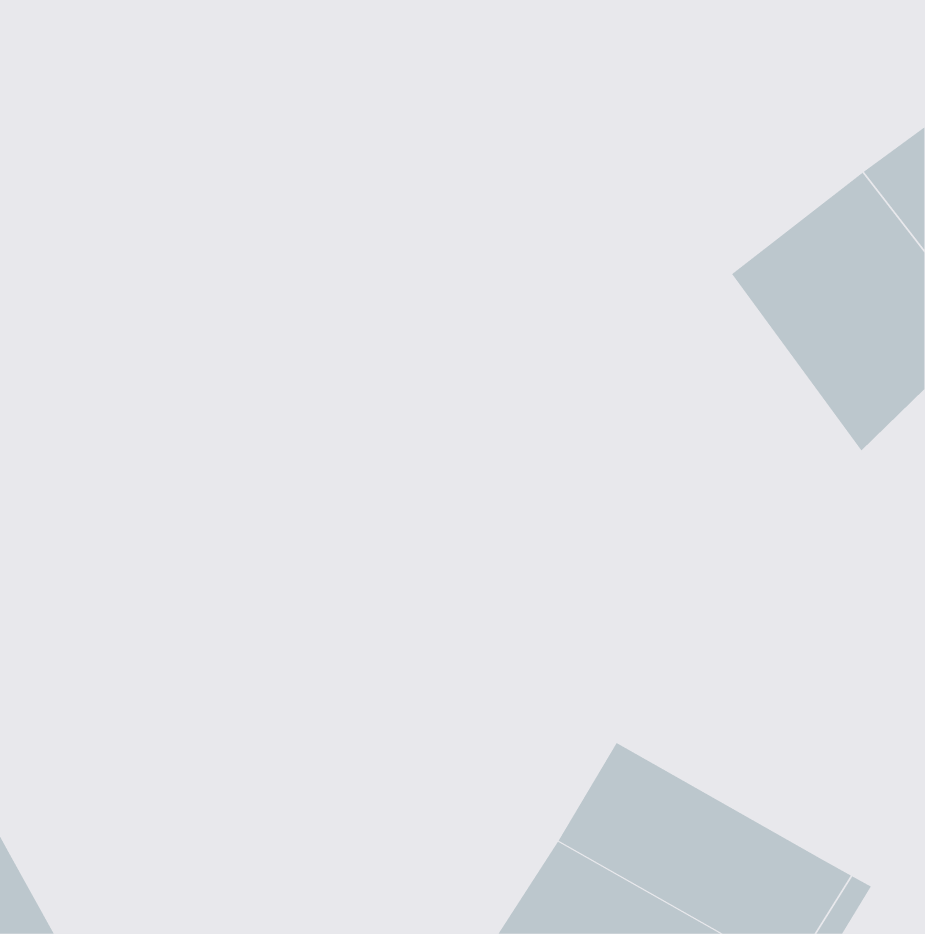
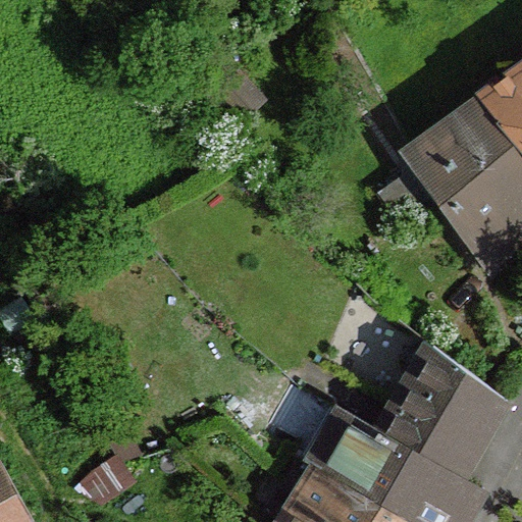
building: none -> [381,346,506,479]

